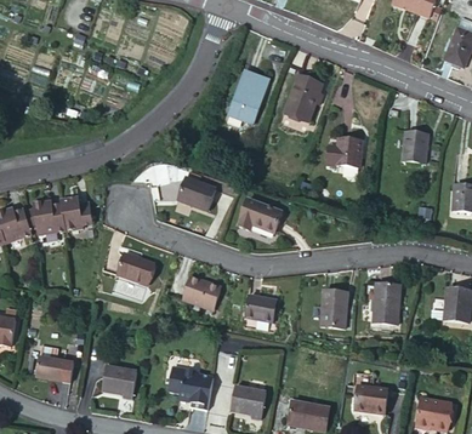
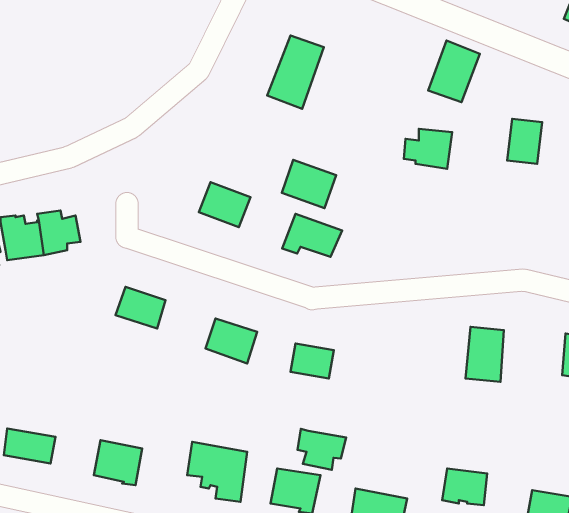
building: [284,75,322,120] -> [428,40,480,102]
building: none -> [282,160,336,208]
building: [319,290,347,327] -> none
building: none -> [297,429,346,470]

